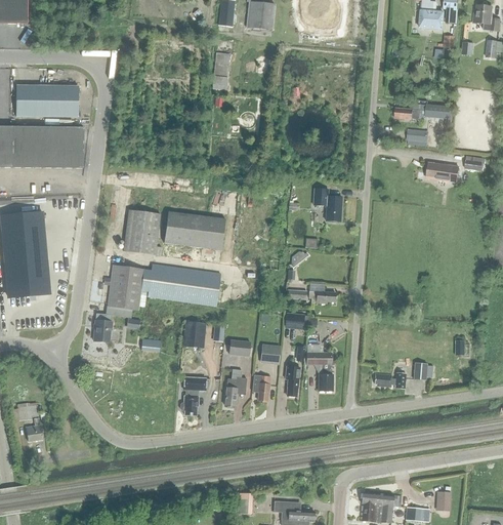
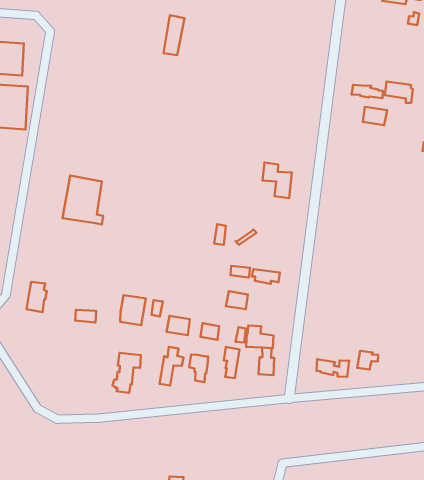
building: [425,162,458,180] -> none
building: [163,210,225,249] -> none
building: [108,264,220,317] -> none

